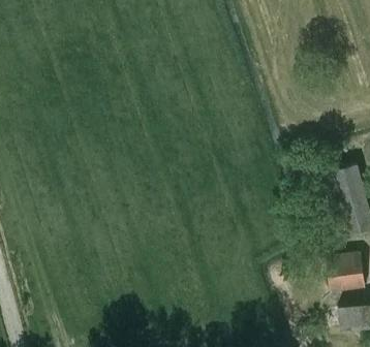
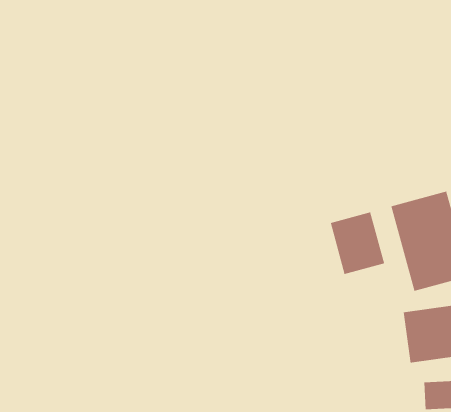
building: none -> [330,211,385,275]

